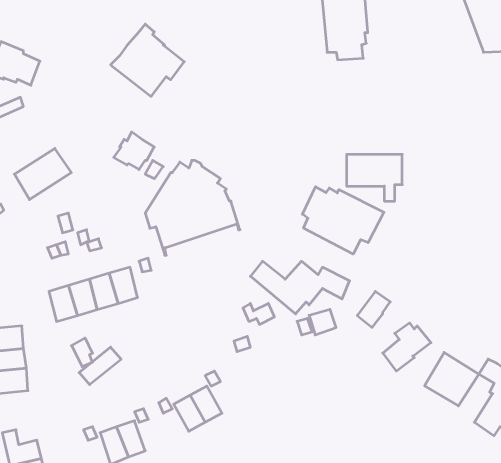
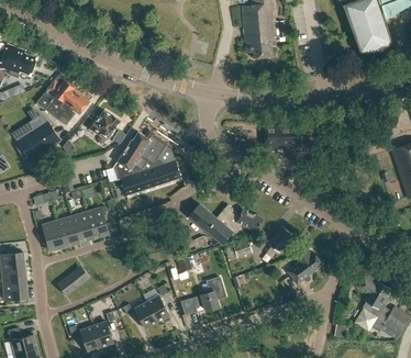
building: [111,24,184,96] -> [35,74,89,126]
building: [302,187,384,254] -> none
building: [425,352,479,406] -> none
building: none -> [182,278,226,314]

